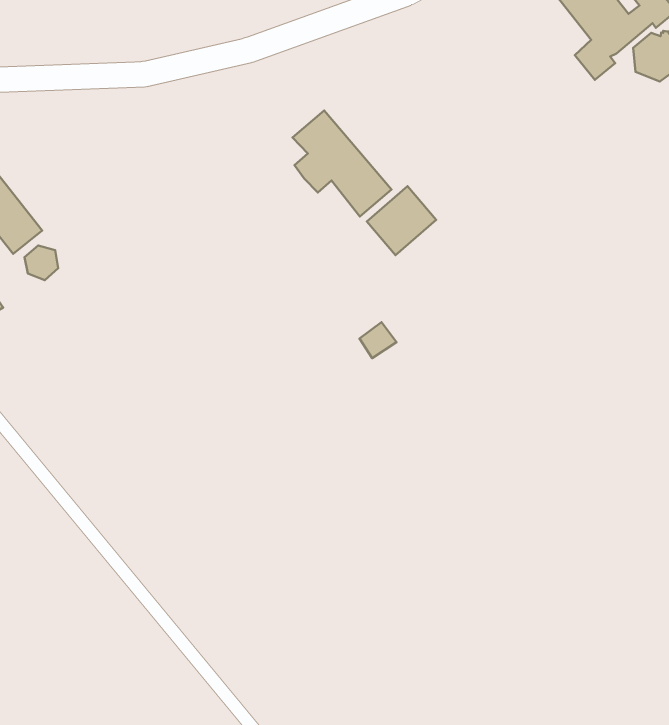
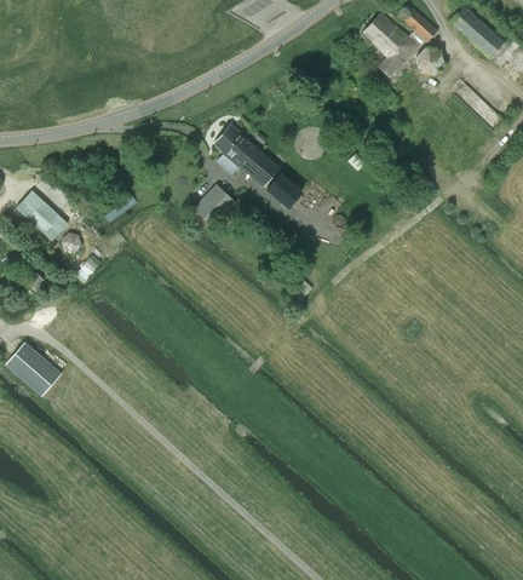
building: none -> [188,183,235,229]

